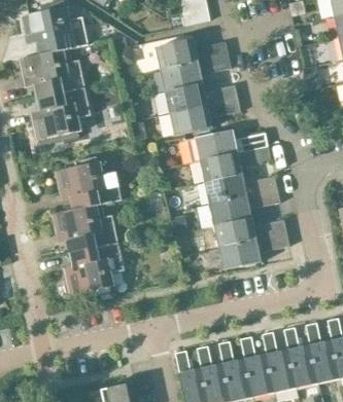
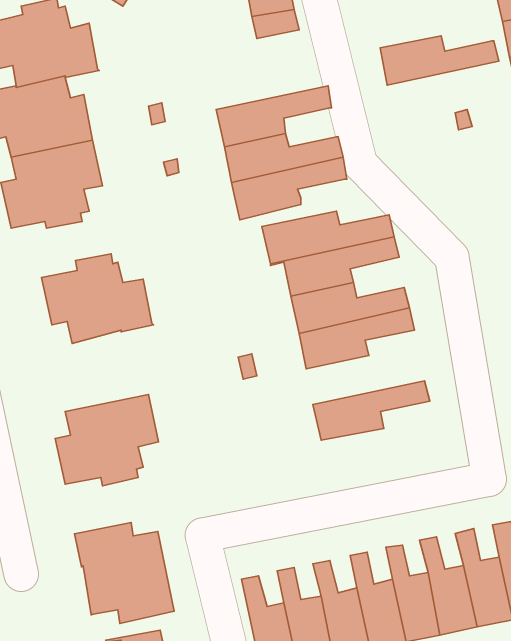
building: [156,39,228,69] -> [380,36,499,85]
building: [50,203,118,252] -> none
building: [214,218,286,248] -> none
building: none -> [74,522,174,623]

